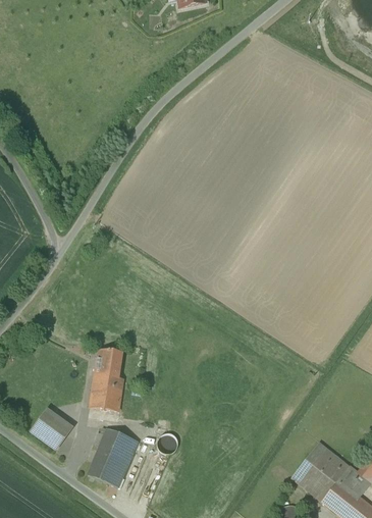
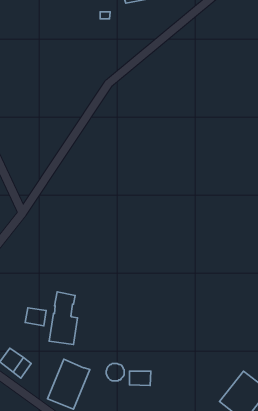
building: none -> [25,308,46,326]
building: none -> [129,371,151,386]

